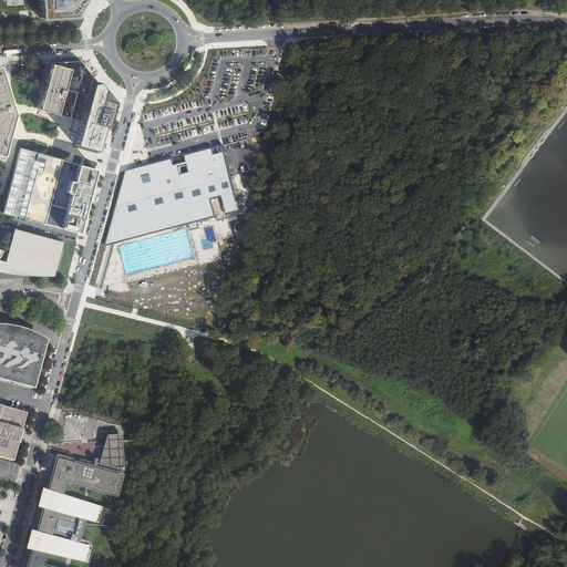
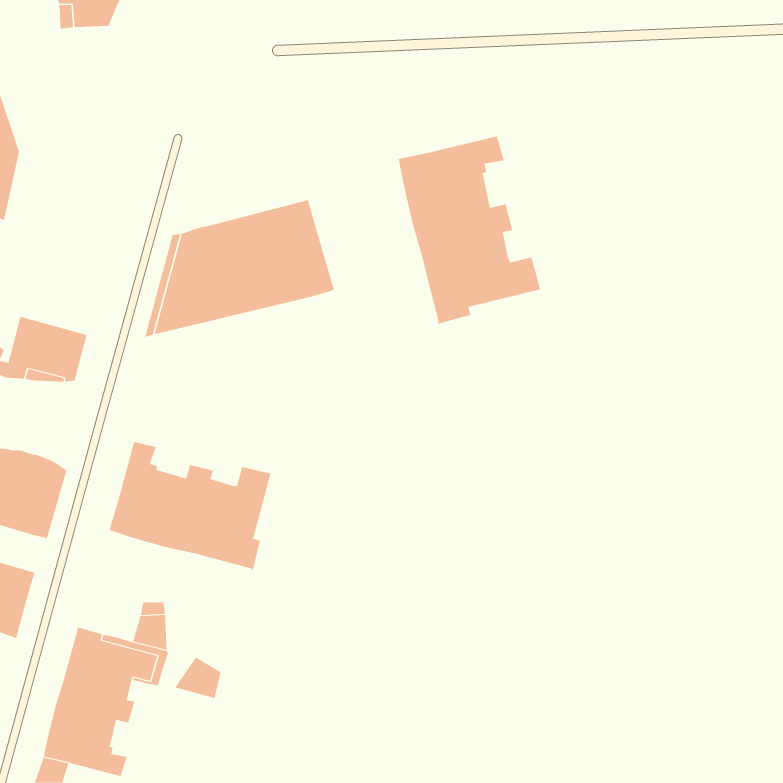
building: [38,60,113,151] -> none
building: none -> [398,135,541,324]
building: [4,148,94,231] -> none
building: none -> [109,441,271,571]
building: none -> [174,657,221,699]

